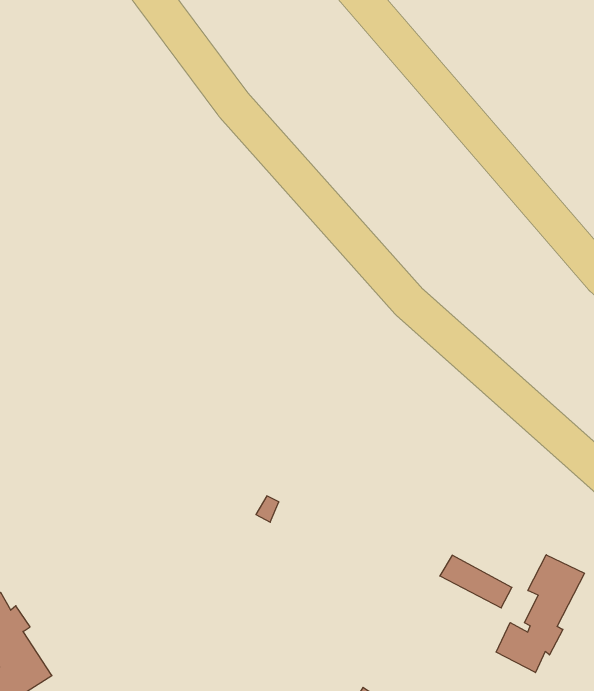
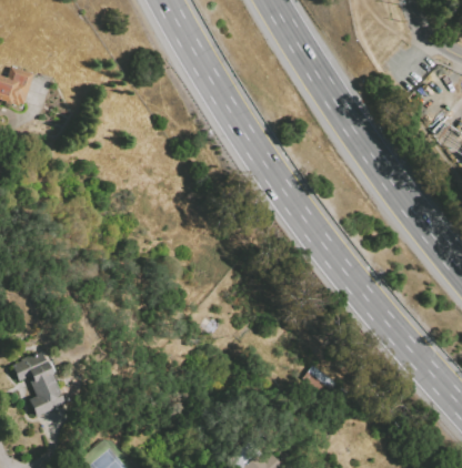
building: [496,555,584,673] -> none

